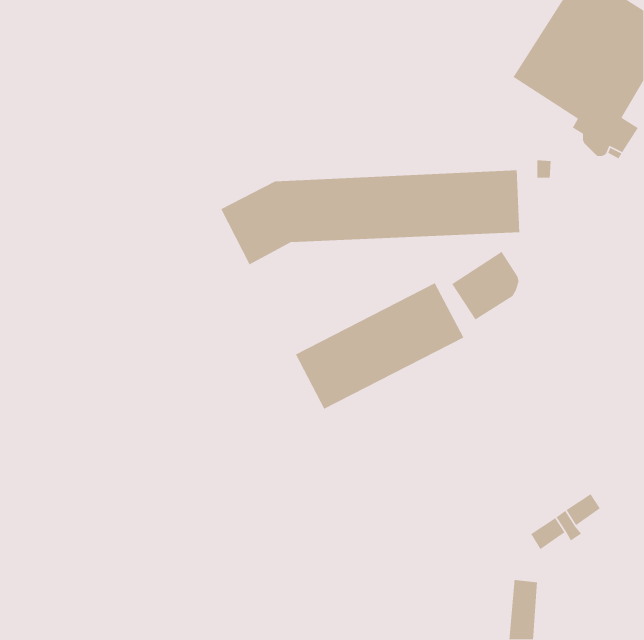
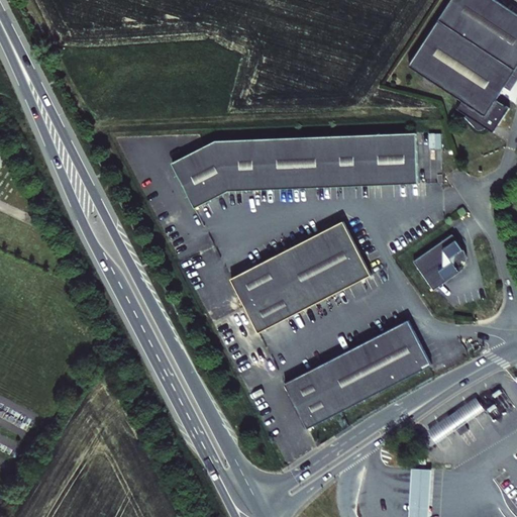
building: [451,251,519,320] -> [412,232,467,288]
building: none -> [285,315,431,423]

